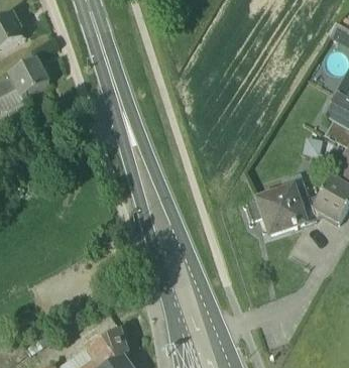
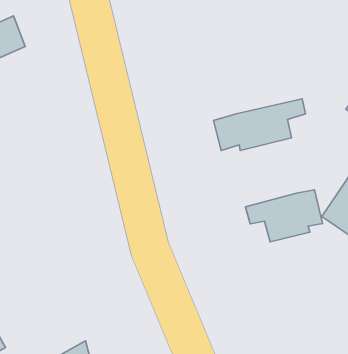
building: none -> [213,99,305,151]

